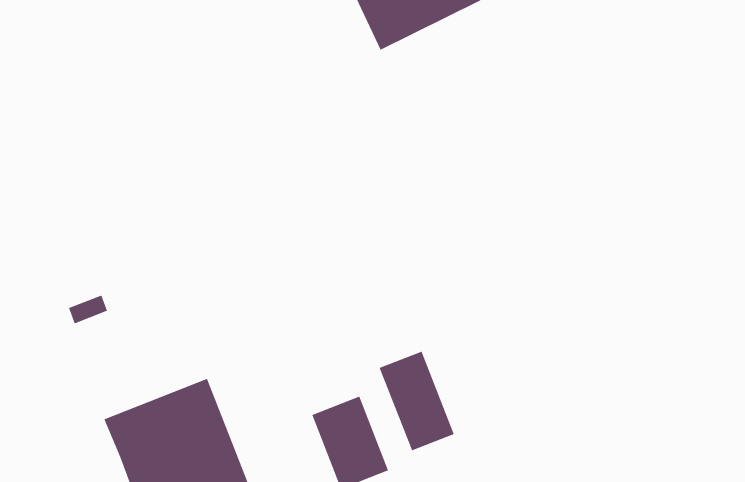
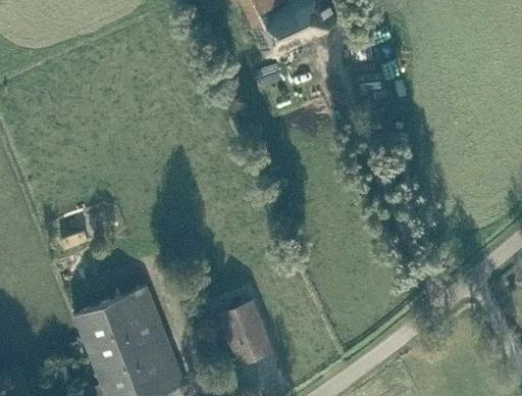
building: [379,351,454,451] -> none

